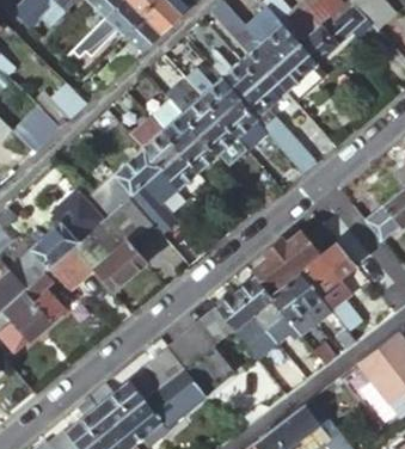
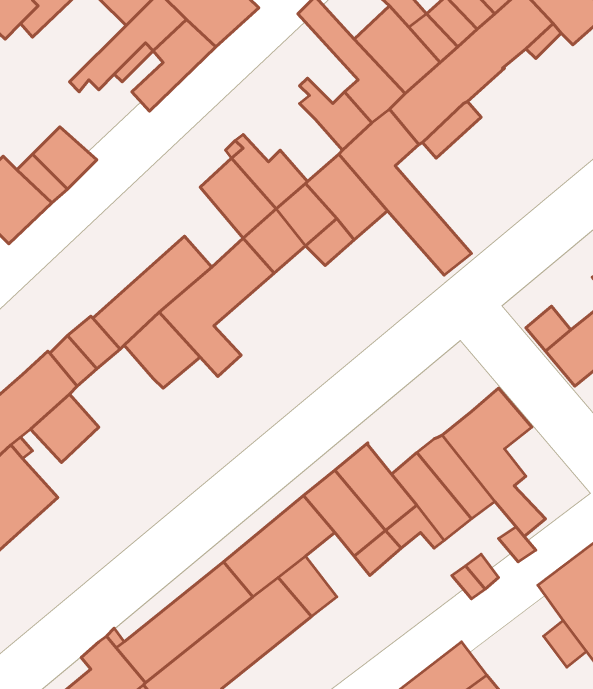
building: [188,66,240,115] -> none
building: [133,118,179,167] -> none
building: [252,232,319,294] -> none
building: [91,235,146,289] -> none

